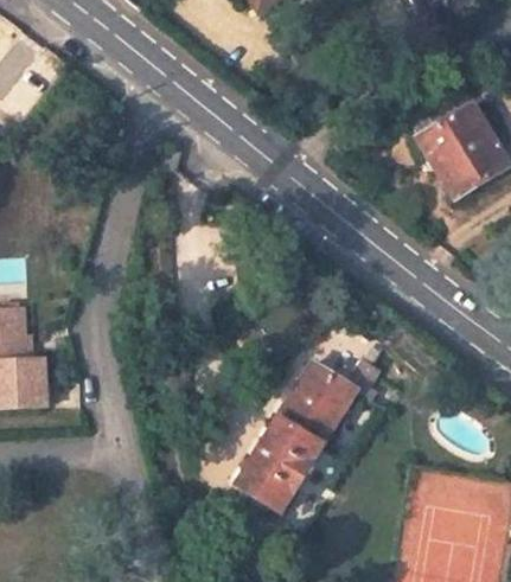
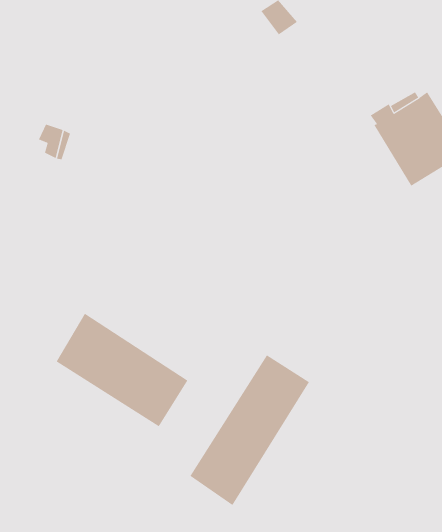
building: none -> [56,313,188,427]

